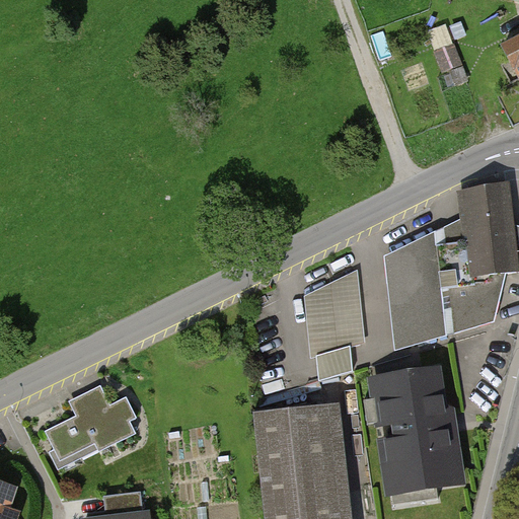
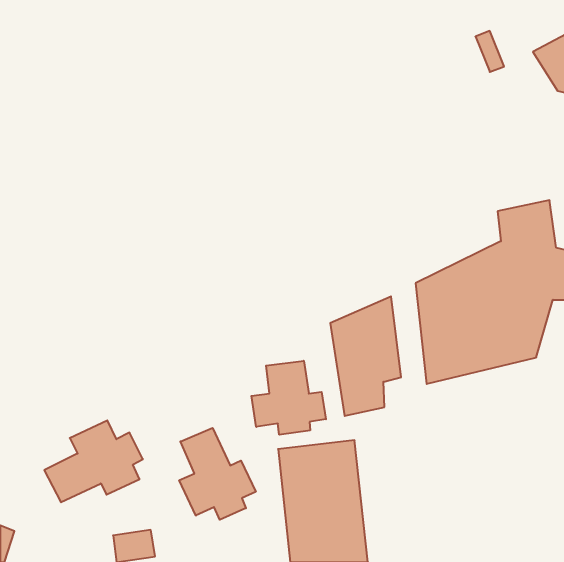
building: none -> [251,361,326,435]
building: [377,370,464,492] -> none
building: none -> [179,428,256,520]

